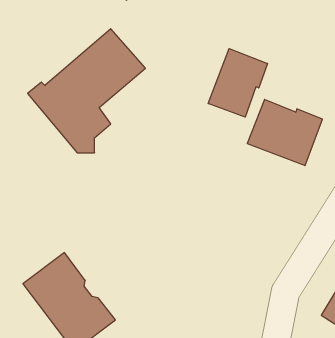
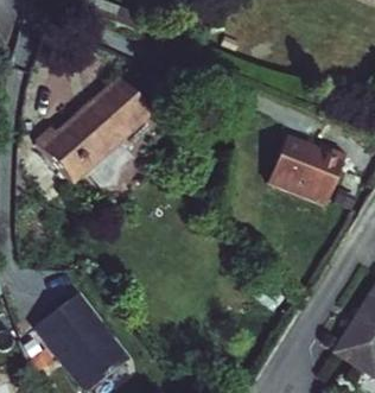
building: [208,49,267,117] -> none

